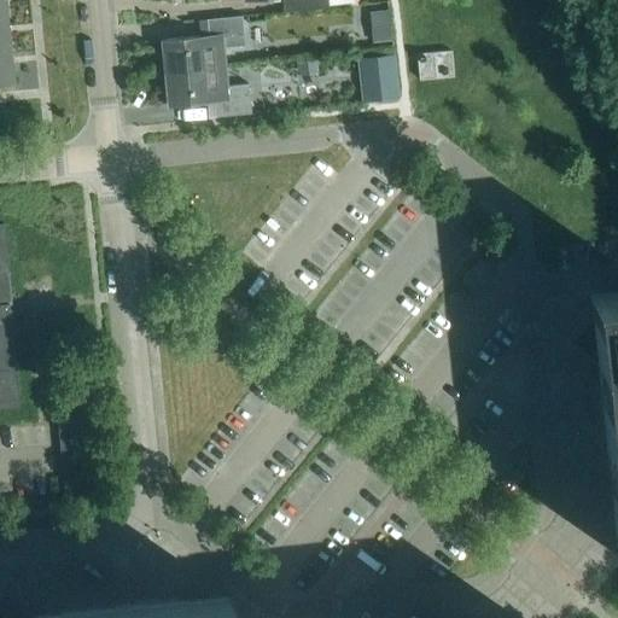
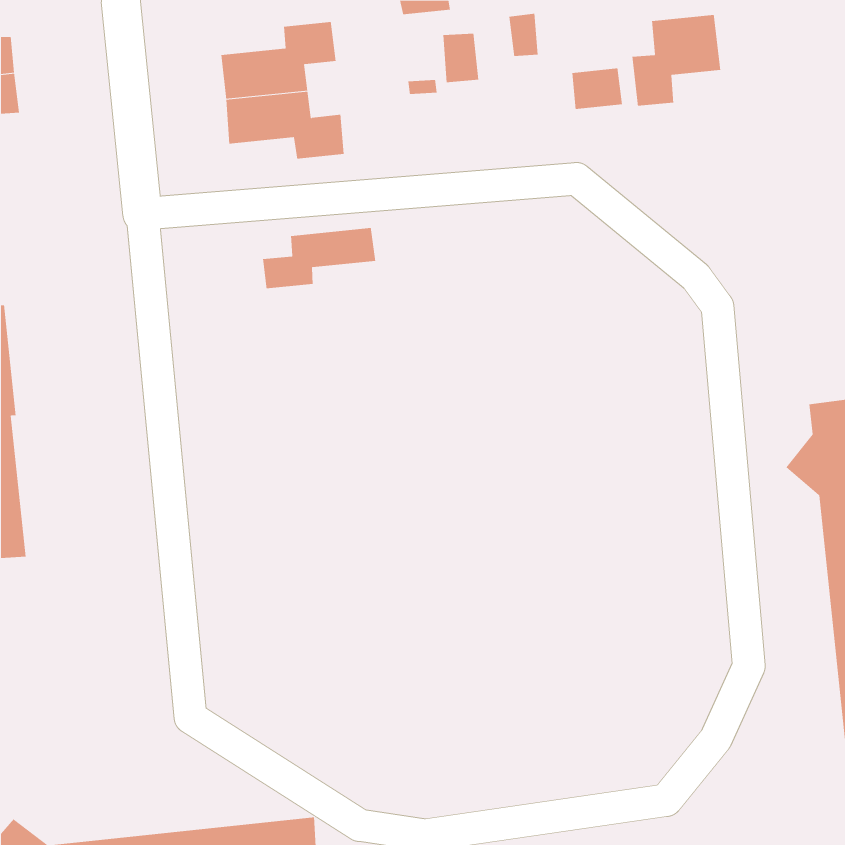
building: none -> [632,14,721,107]
building: [373,64,400,100] -> [443,33,479,83]
building: none -> [263,227,376,289]

